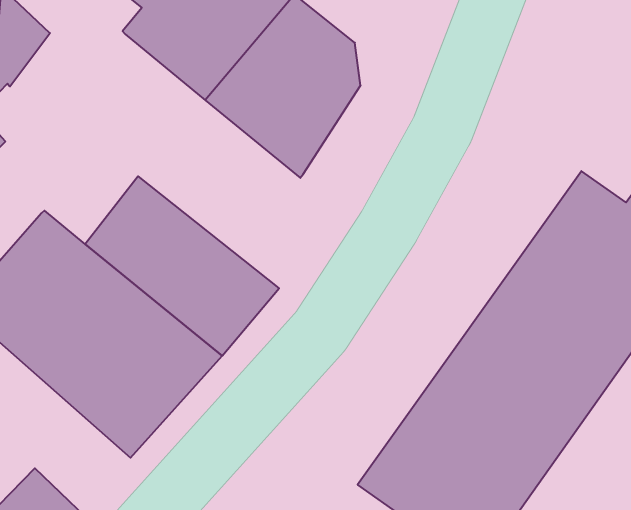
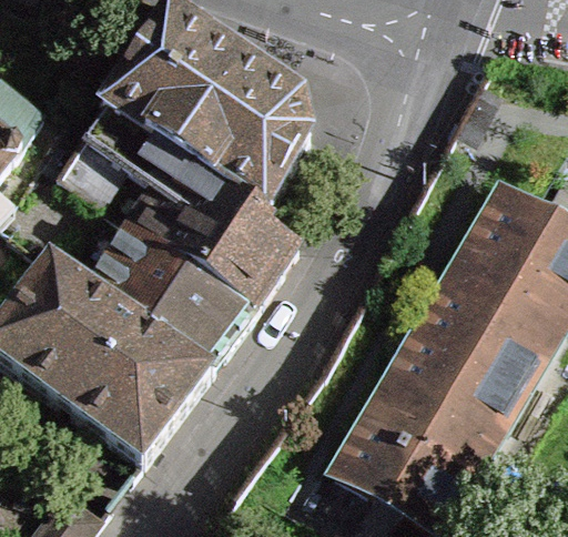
building: none -> [60,101,298,304]

